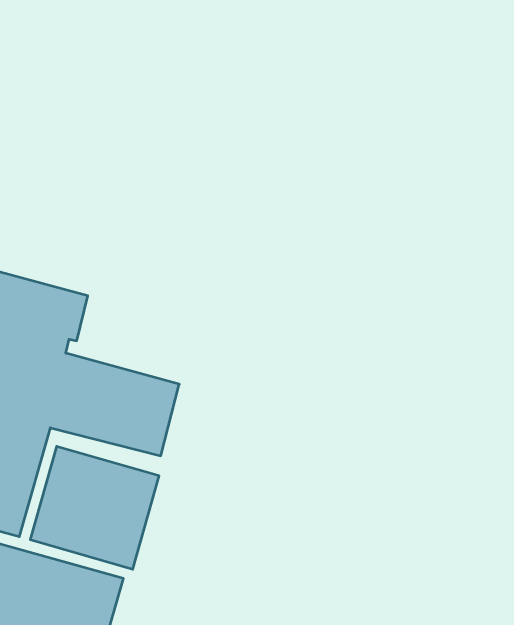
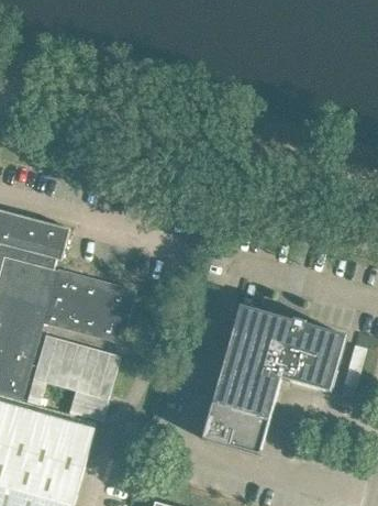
building: none -> [201,306,345,455]

